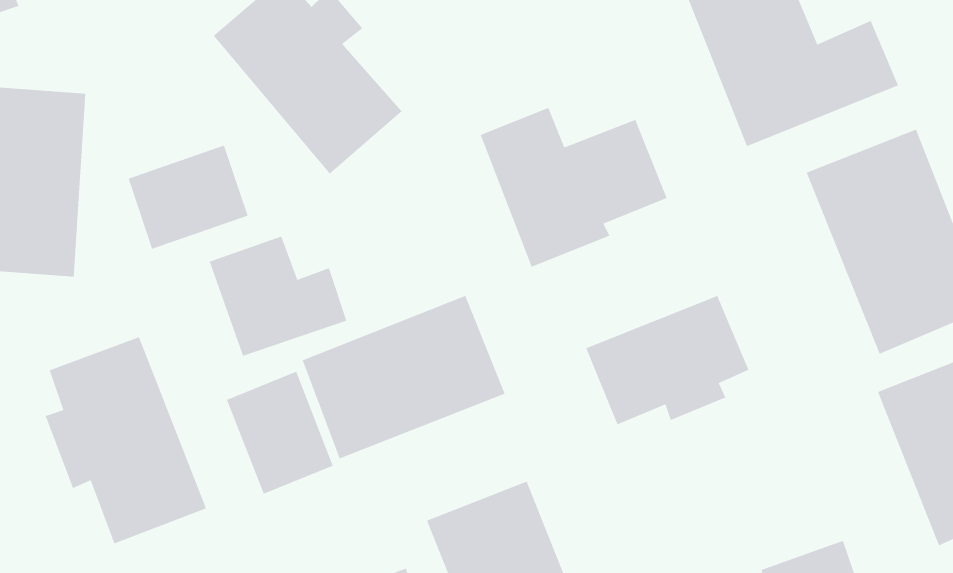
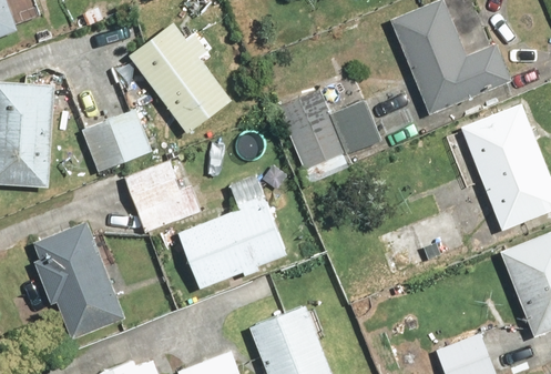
building: [586,295,749,425] -> none
building: [226,371,334,494] -> none

